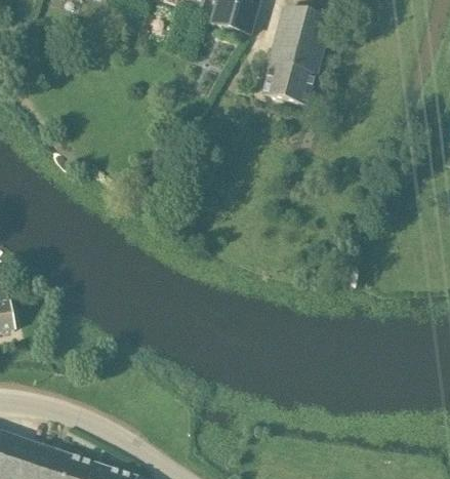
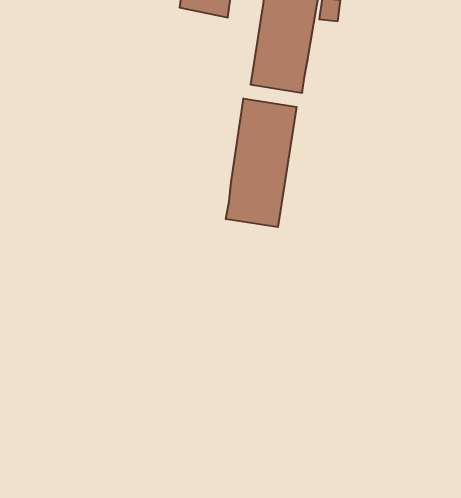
building: none -> [226,98,297,227]

